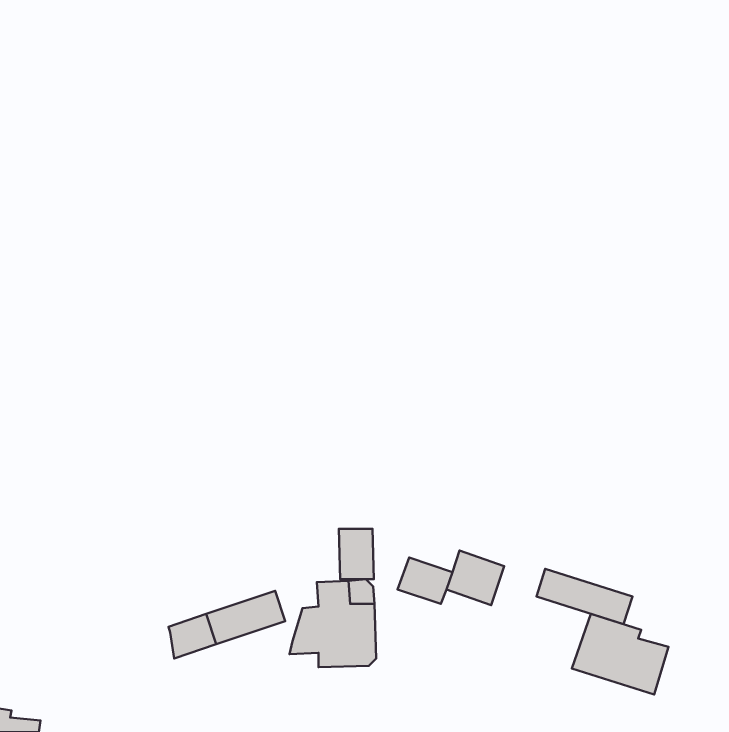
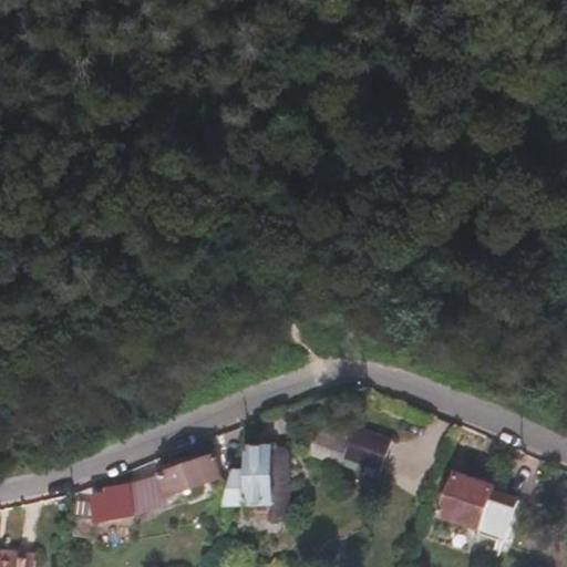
building: [339,529,374,579] -> none
building: [536,569,632,624] -> none
building: none -> [89,485,135,517]

